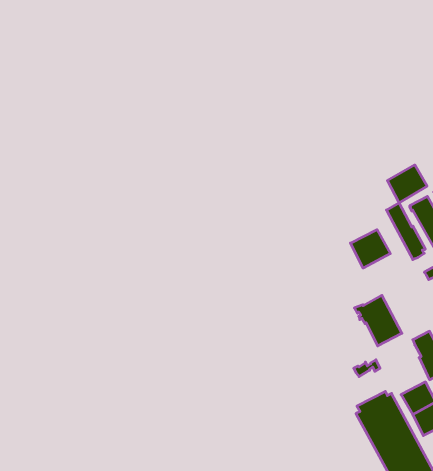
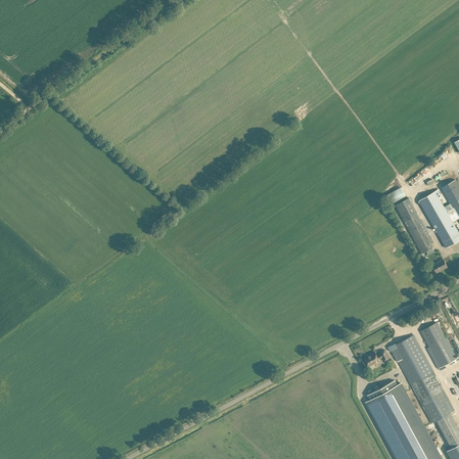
building: [387,165,427,203] -> none
building: [350,230,390,268] -> none
building: [354,295,402,346] -> [386,334,432,383]

